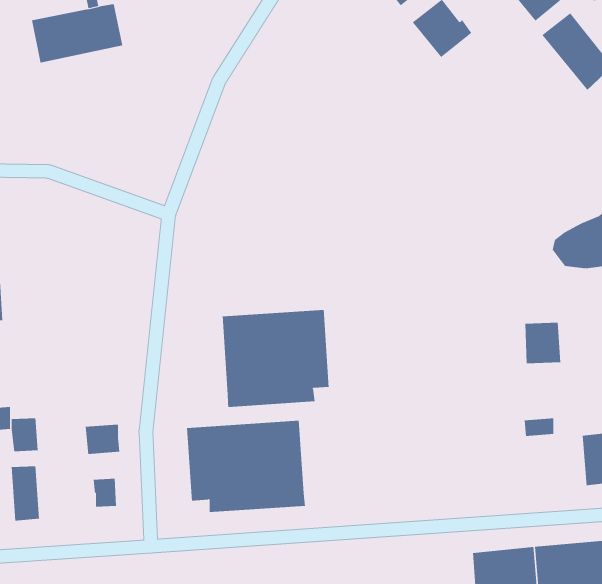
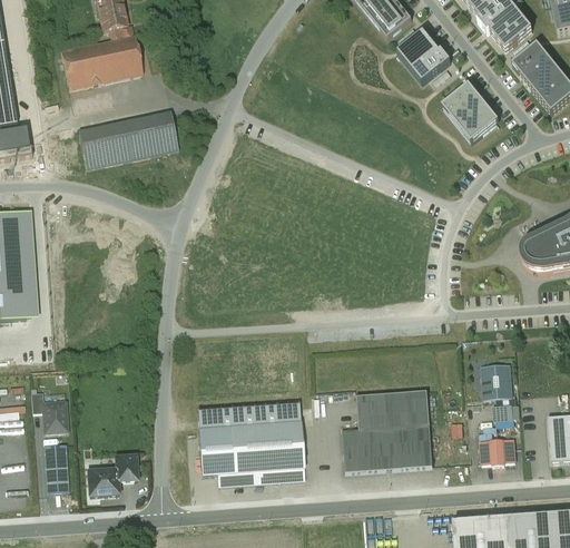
building: none -> [442,82,499,141]
building: none -> [78,111,178,167]
building: [222,309,329,408] -> none
building: [525,322,561,364] -> [482,363,514,400]
building: none -> [342,389,433,470]
building: [85,424,120,454] -> [88,467,119,493]
building: none -> [480,437,515,463]

